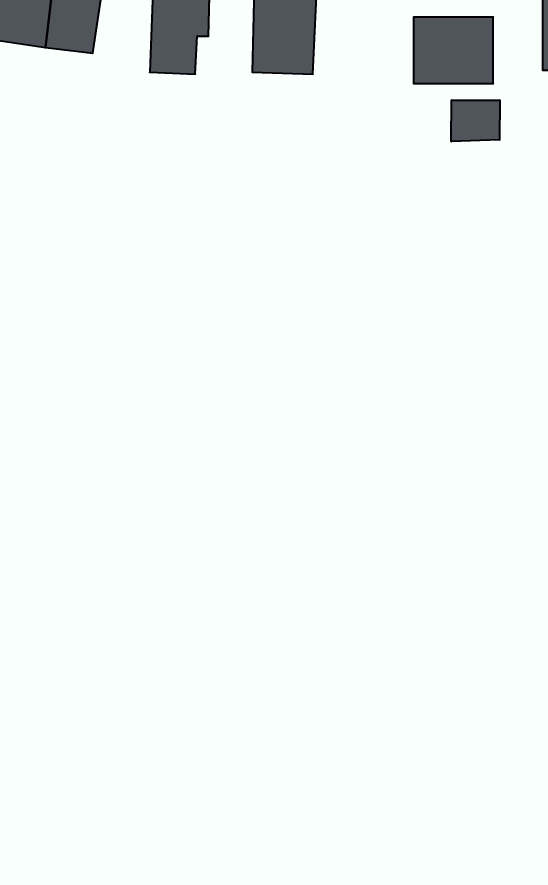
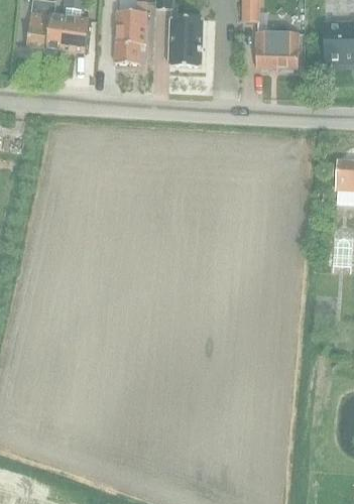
building: [451,100,500,142] -> none

